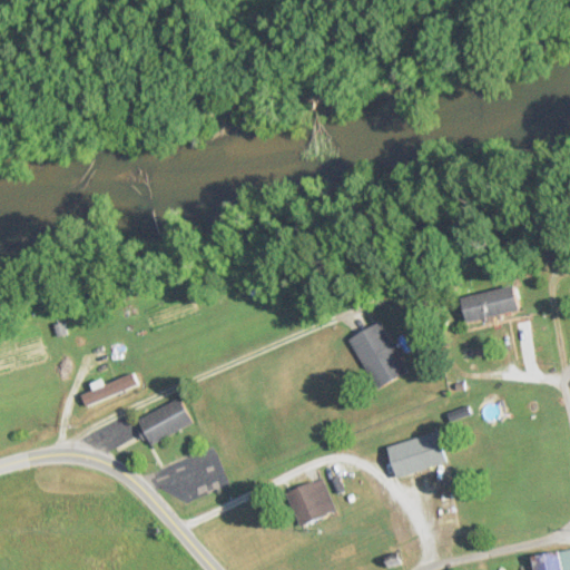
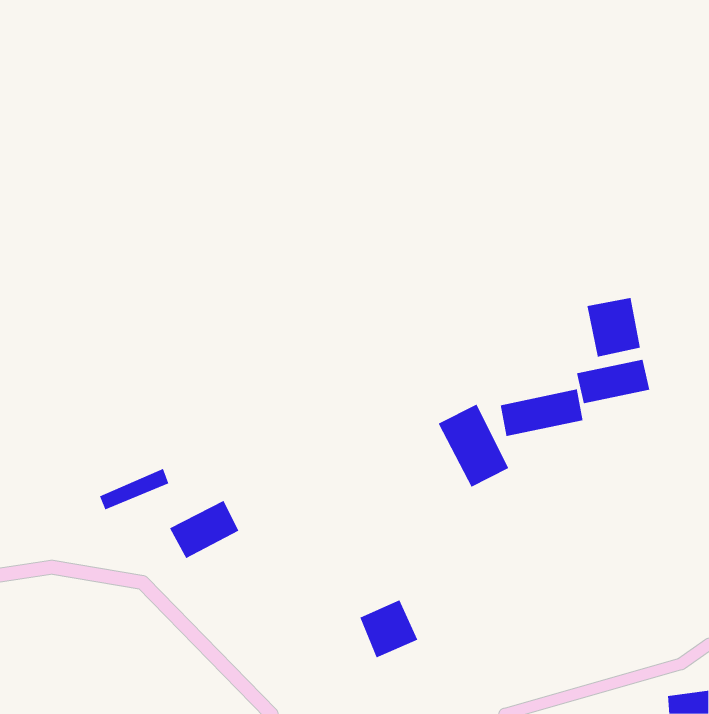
building: none -> [587,297,641,358]
building: none -> [500,389,583,437]
building: [385,432,444,478] -> none

